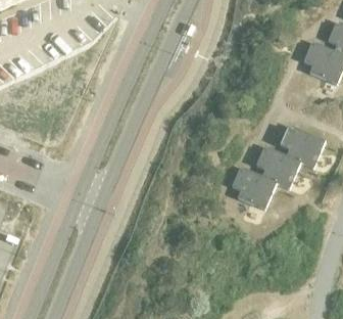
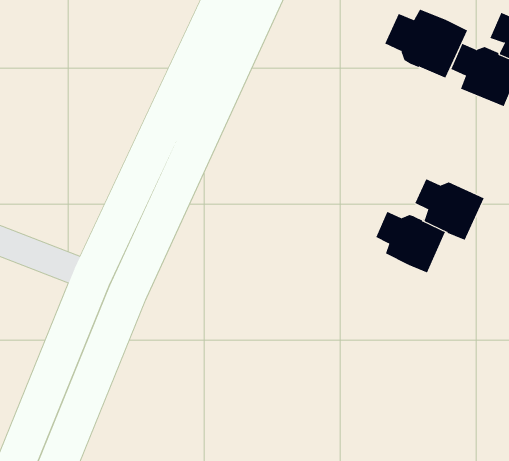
building: none -> [384,9,468,79]
building: [232,167,277,206] -> none

